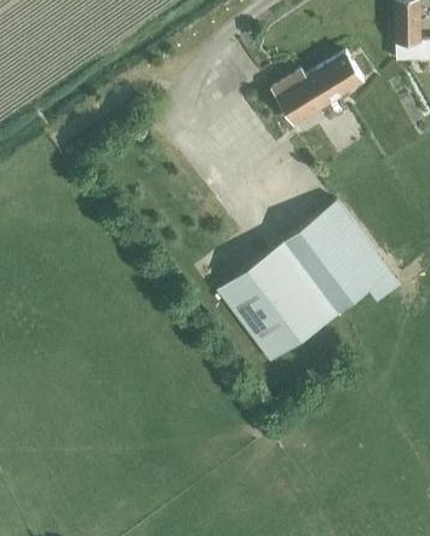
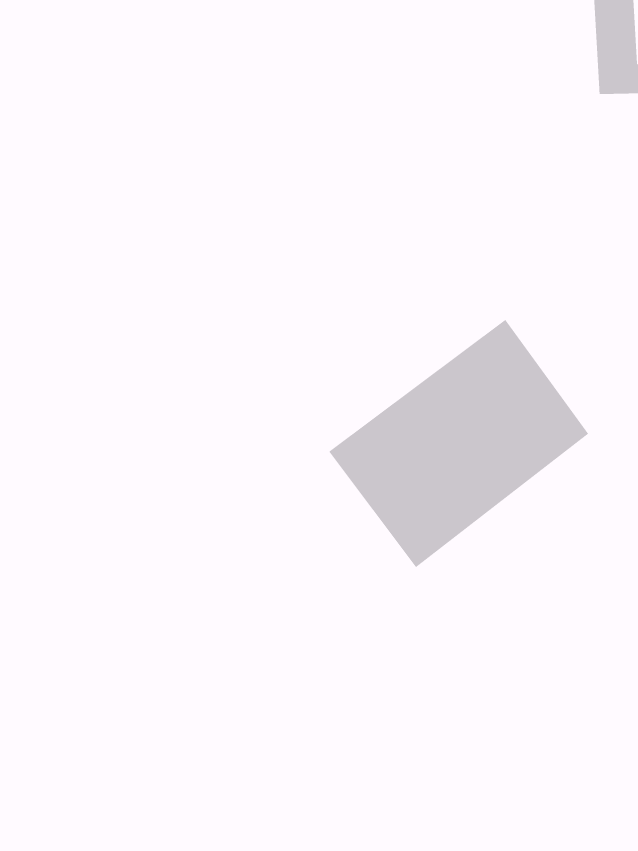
building: [271,53,363,123] -> none

